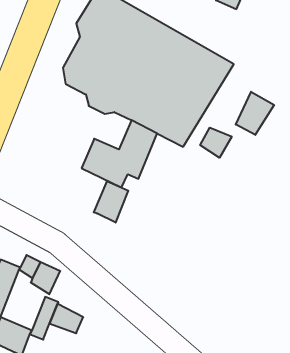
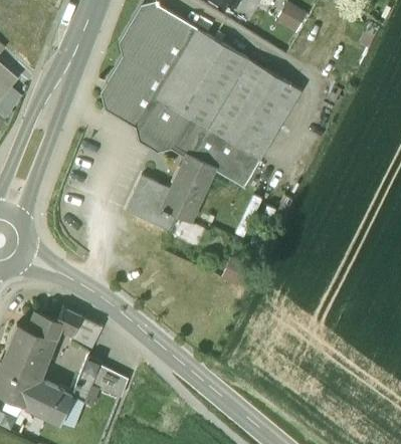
building: [236,92,274,135] -> none
building: [200,128,232,158] -> none
building: [94,181,128,223] -> none

